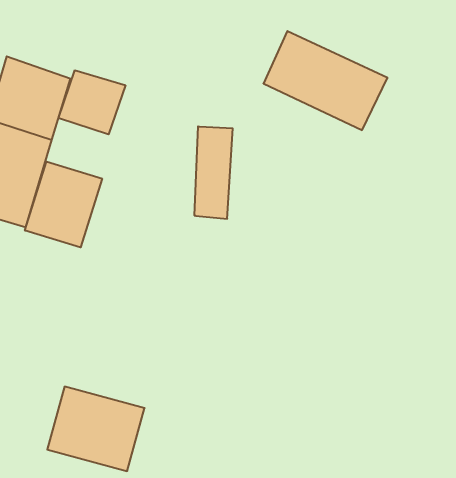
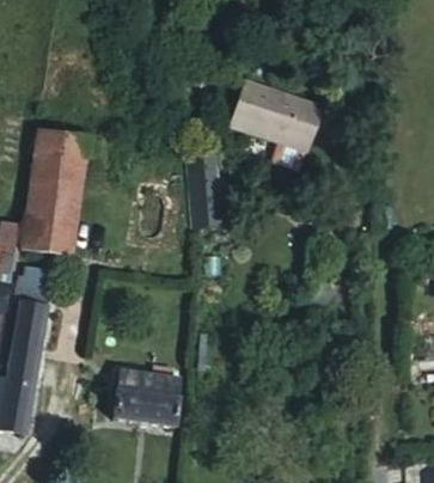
building: [58,70,125,134] -> none
building: [25,162,102,247] -> none

